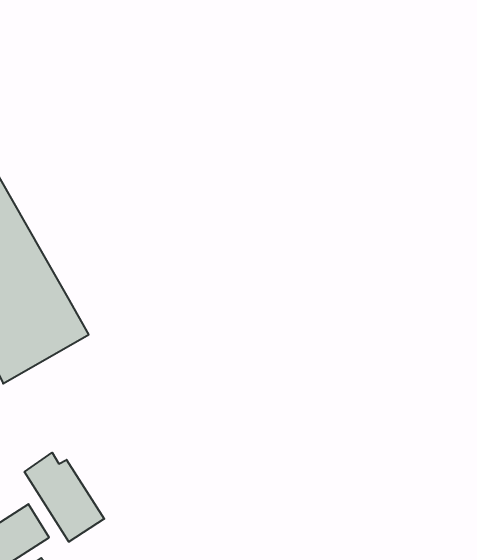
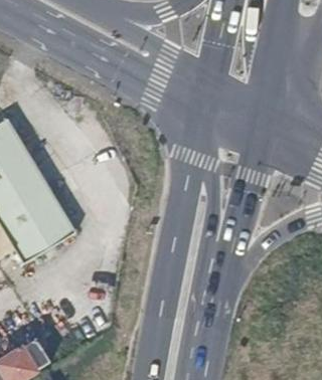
building: [25,453,104,542] -> none

